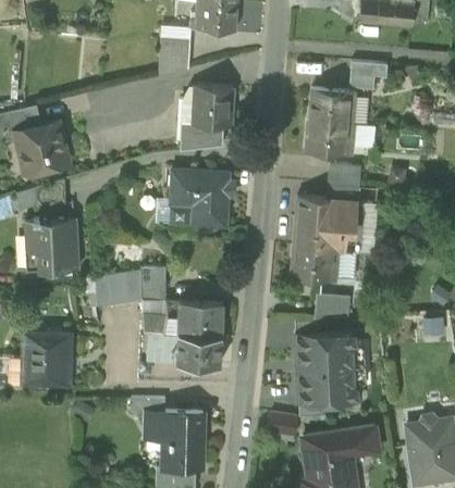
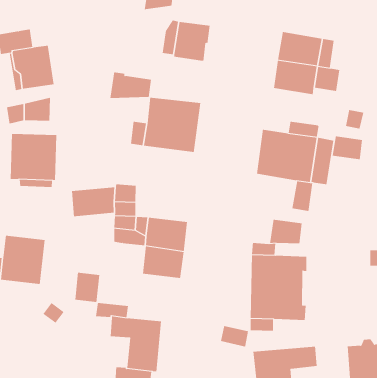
building: [349,61,388,89] -> none
building: [180,121,224,150] -> [110,72,152,98]
building: [327,163,359,187] -> [332,136,363,160]
building: [291,245,339,279] -> none
building: [152,330,179,362] -> [74,272,100,303]

